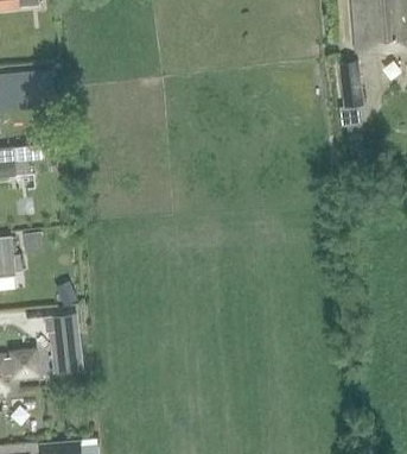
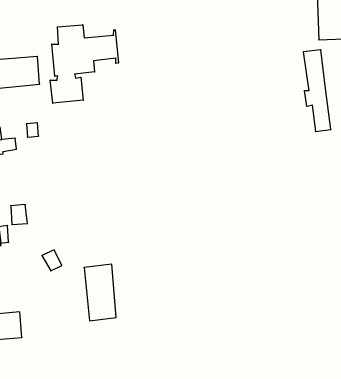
building: none -> [50,25,118,103]
building: [46,314,81,374] -> [84,264,116,321]

